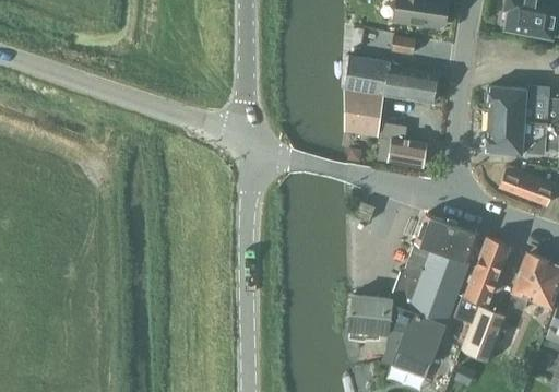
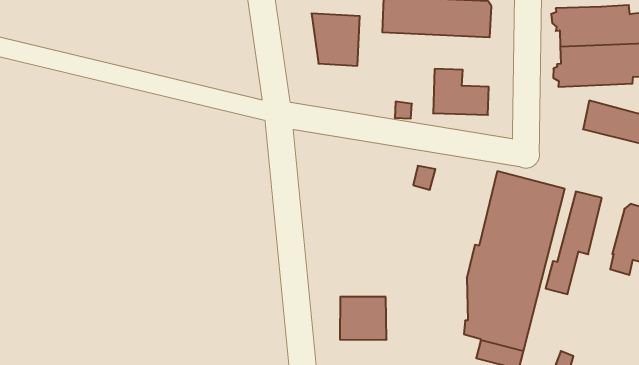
building: [345,90,384,136] -> [311,14,360,66]
building: [349,294,391,333] -> [340,297,387,340]
building: [462,305,508,361] -> none

